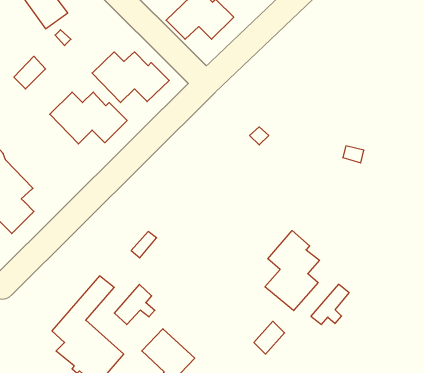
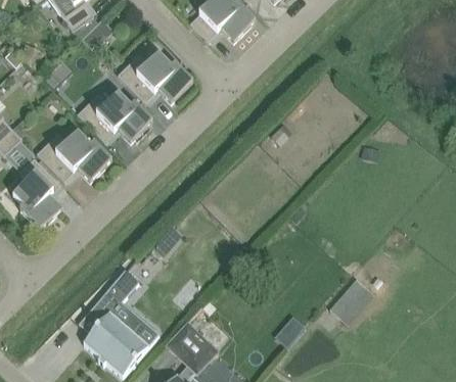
building: none -> [38,131,112,180]
building: [265,231,319,311] -> none
building: [114,284,155,325] -> none

